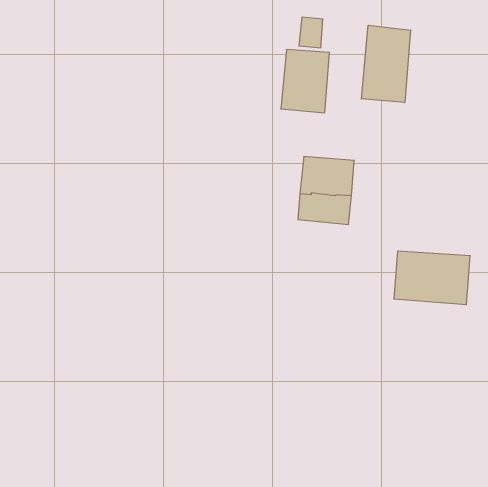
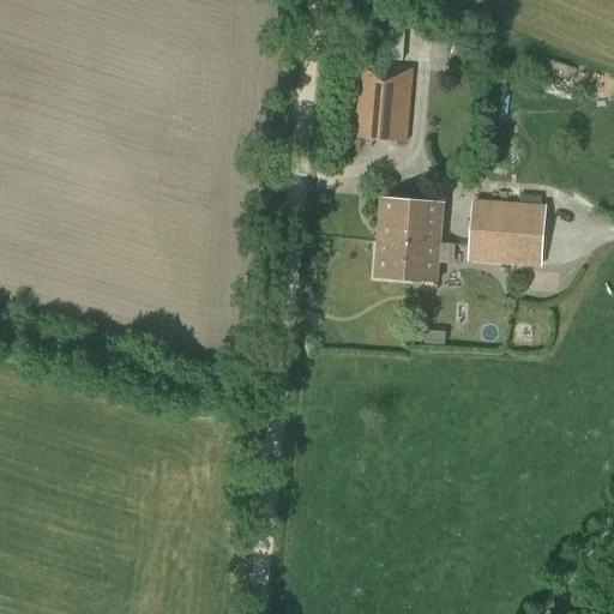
building: [361,25,411,103] -> none
building: [394,251,470,305] -> [451,198,547,265]

